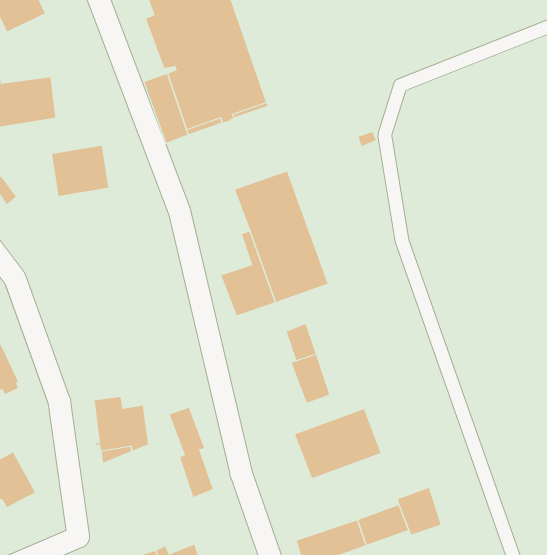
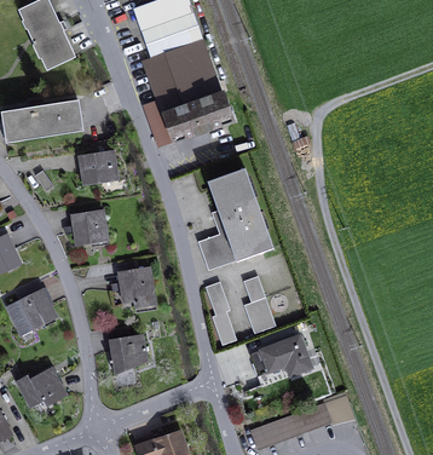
building: none -> [71,209,106,244]
building: none -> [117,266,156,311]
building: [169,407,213,498] -> [204,281,236,345]

